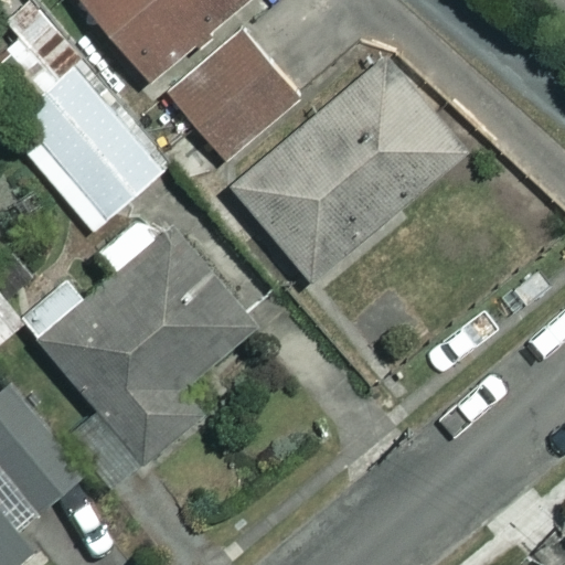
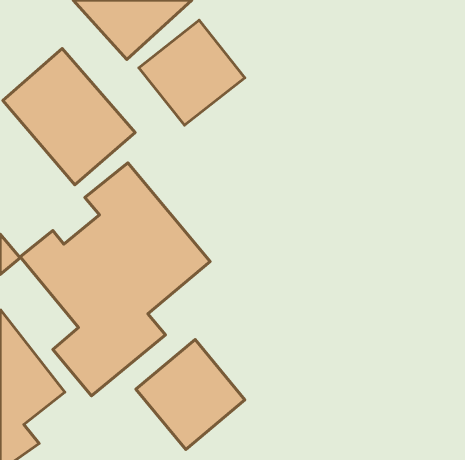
building: [233,55,462,280] -> none
building: none -> [136,340,245,449]

